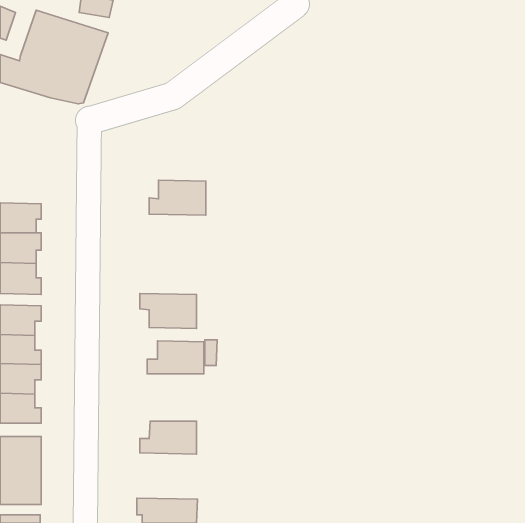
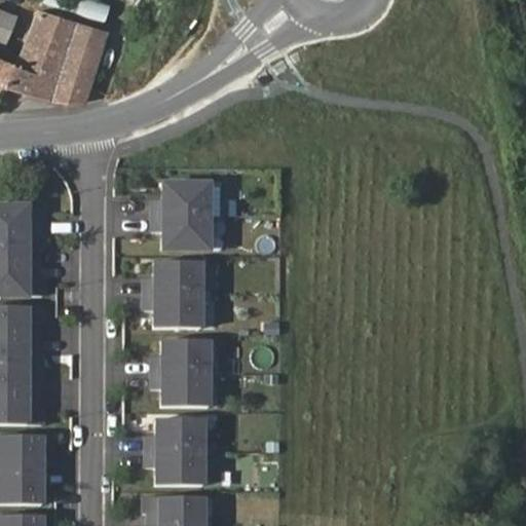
building: none -> [149,214,206,248]
building: none -> [141,259,198,294]
building: none -> [148,373,204,406]
building: none -> [141,452,197,485]

